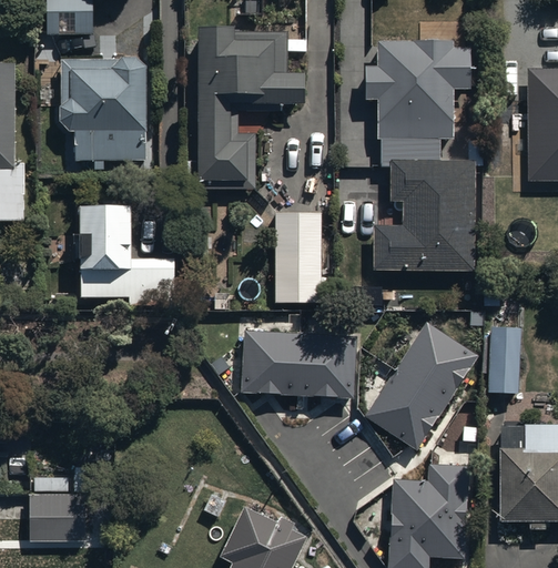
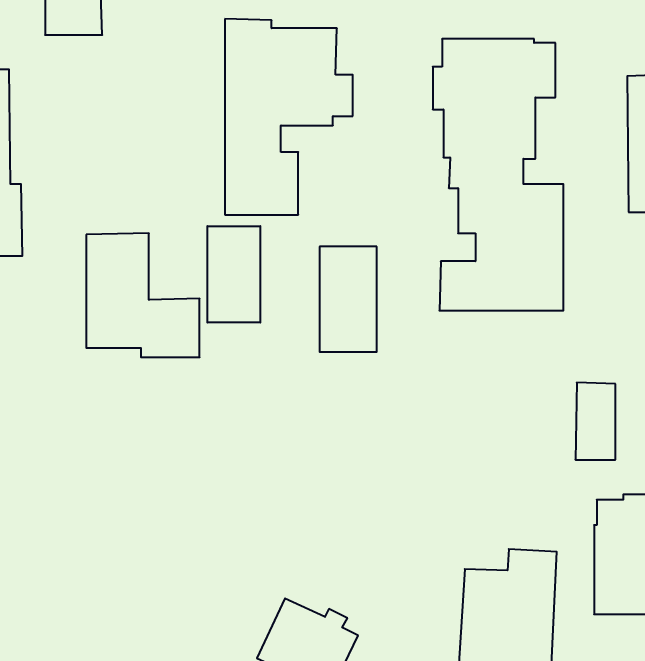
building: [59,55,145,170] -> none
building: none -> [207,226,260,323]
building: [366,324,480,453] -> none
building: [242,333,358,402] -> none
building: [29,466,103,541] -> none

